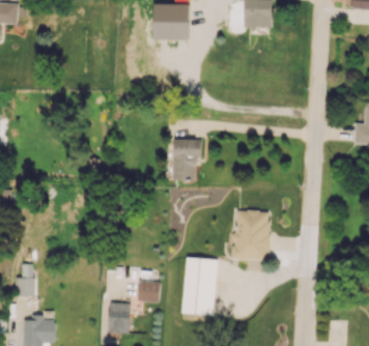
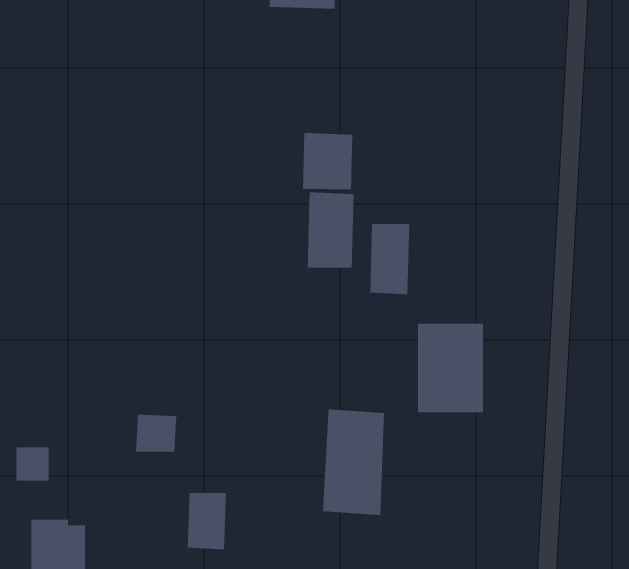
building: none -> [302,132,353,190]
building: none -> [370,223,410,295]
building: [138,281,161,301] -> [135,414,177,452]

